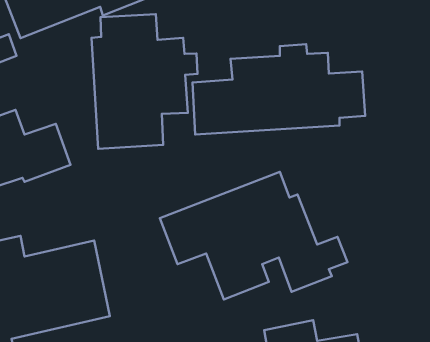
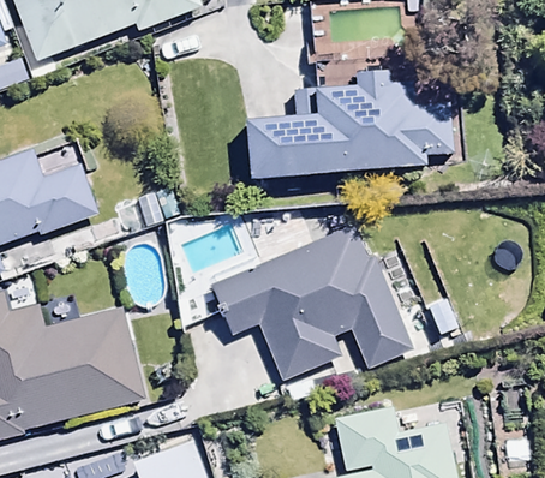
building: [92,14,197,149] -> none

